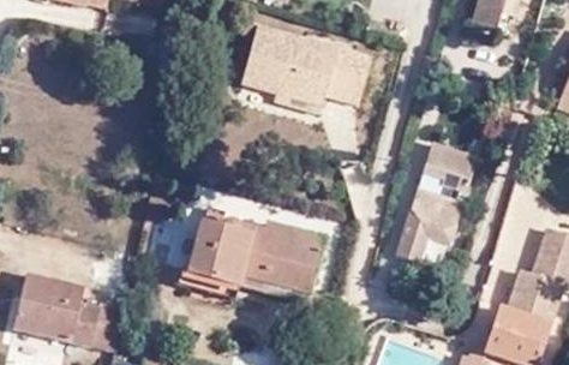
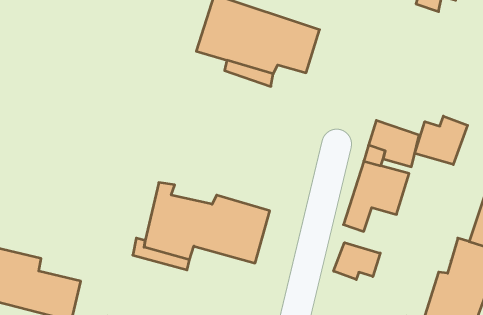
building: none -> [415,116,468,165]
building: none -> [334,243,380,280]

